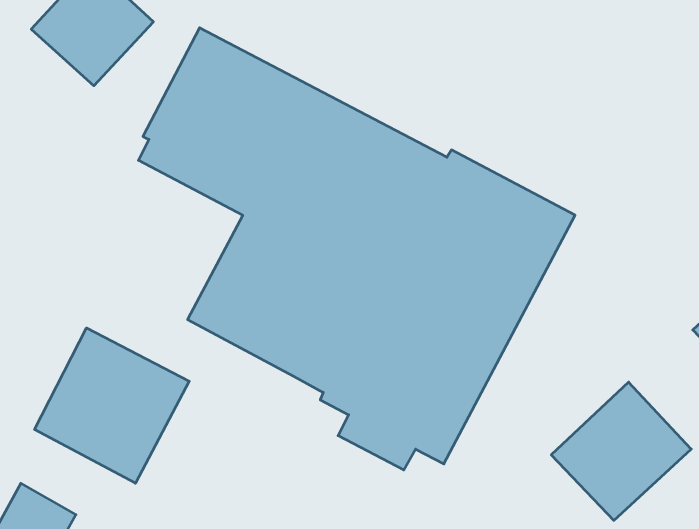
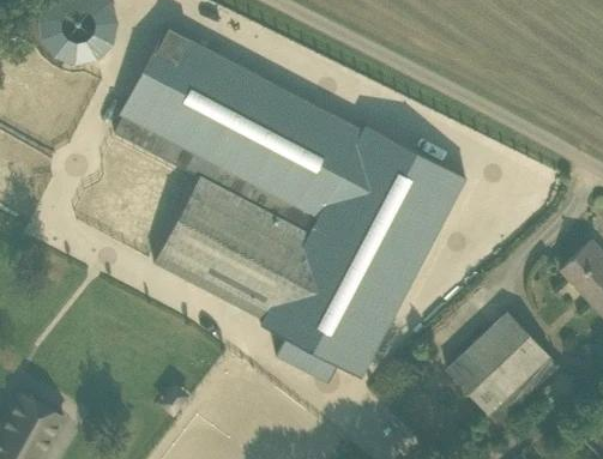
building: [35,328,189,483] -> none

